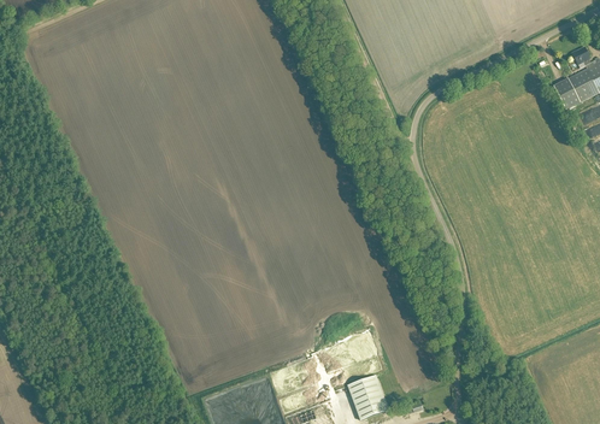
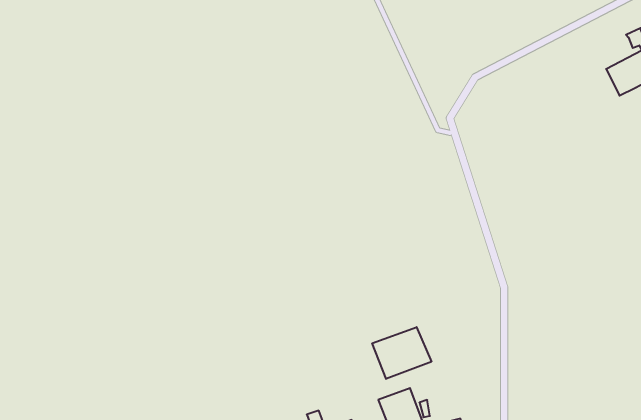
building: none -> [372,327,431,379]

